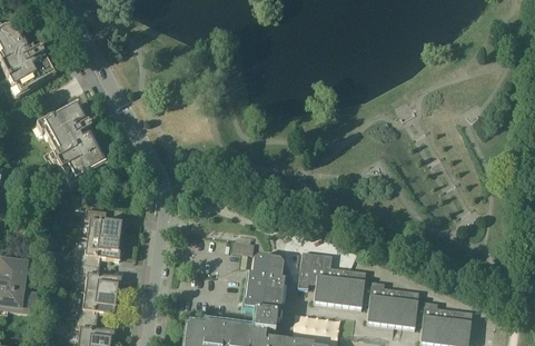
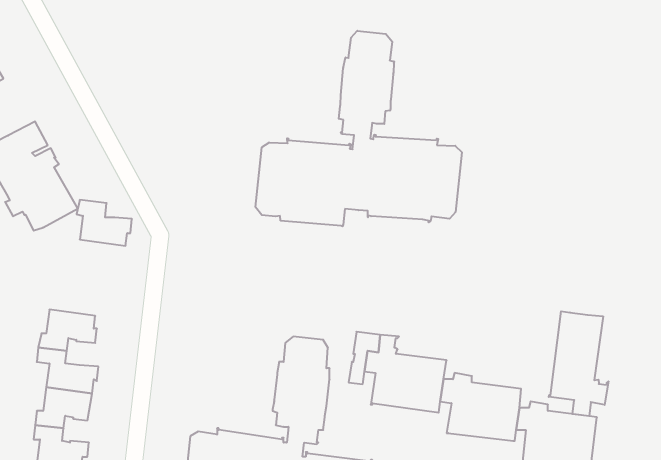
building: none -> [256,31,462,226]
building: [86,206,125,238] -> [77,200,132,246]
building: none -> [549,311,608,416]

